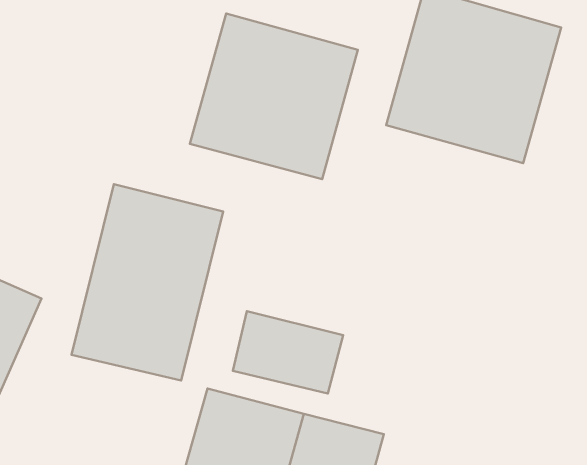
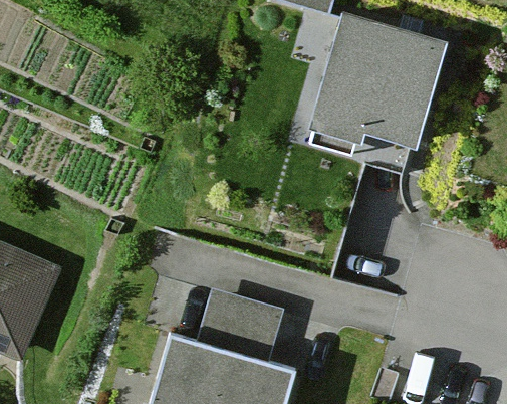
building: [190,13,358,179] -> none
building: [71,184,223,381] -> none

